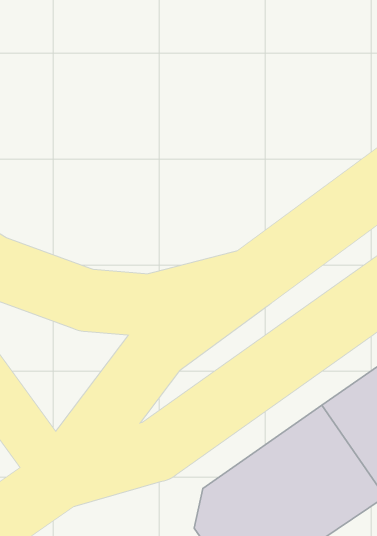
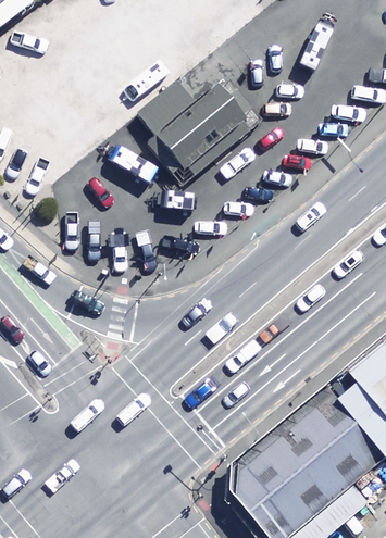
building: none -> [144,83,256,185]

